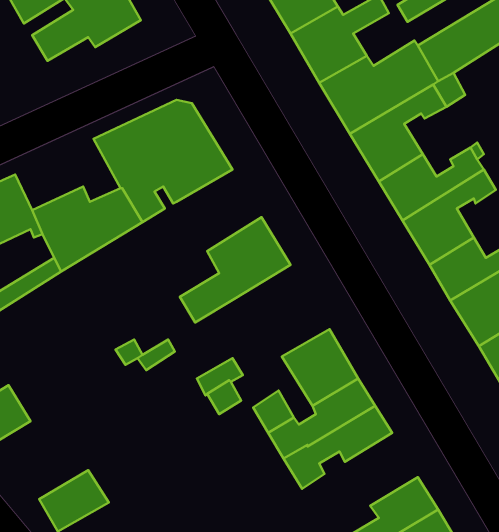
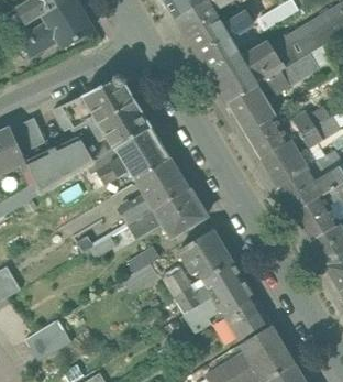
building: none -> [11,113,55,152]
building: none -> [97,125,170,184]
building: none -> [128,187,207,238]
building: none -> [224,296,269,338]

